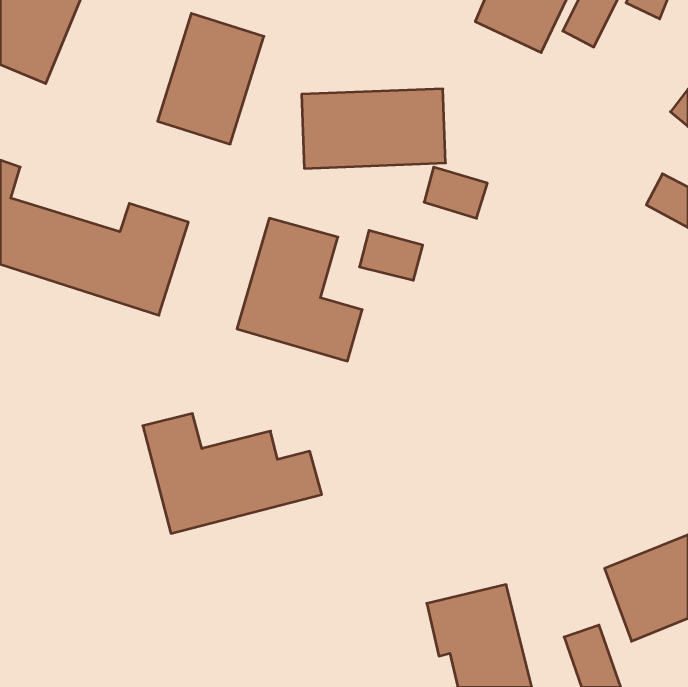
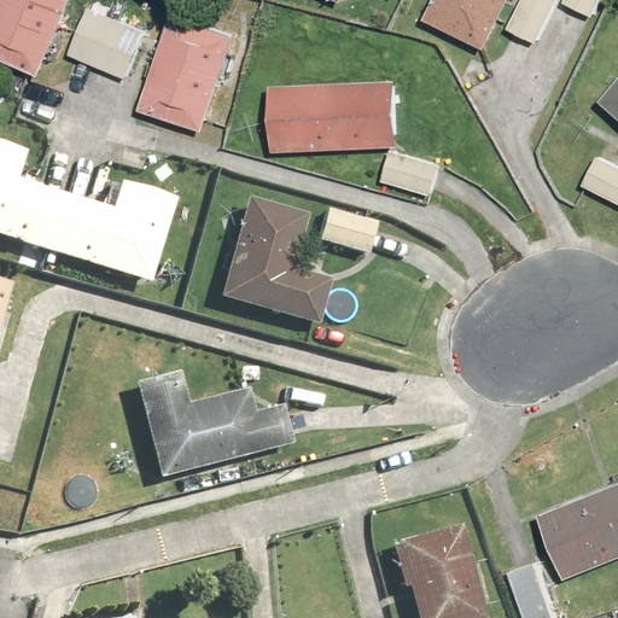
building: none -> [65,6,144,80]

